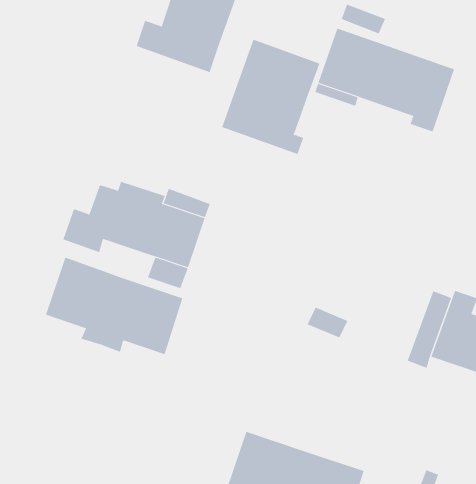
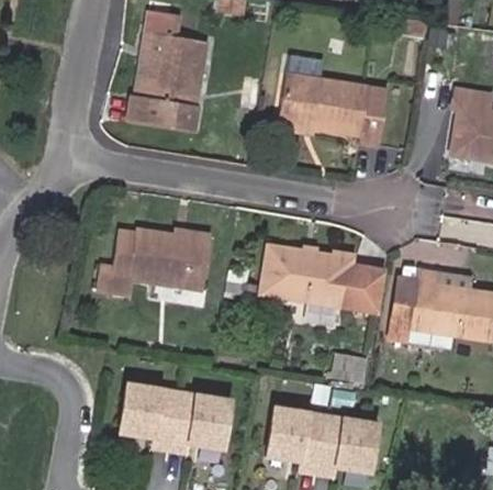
building: [221,39,320,155] -> none
building: none -> [262,244,388,310]
building: [45,257,183,355] -> [117,385,226,454]

